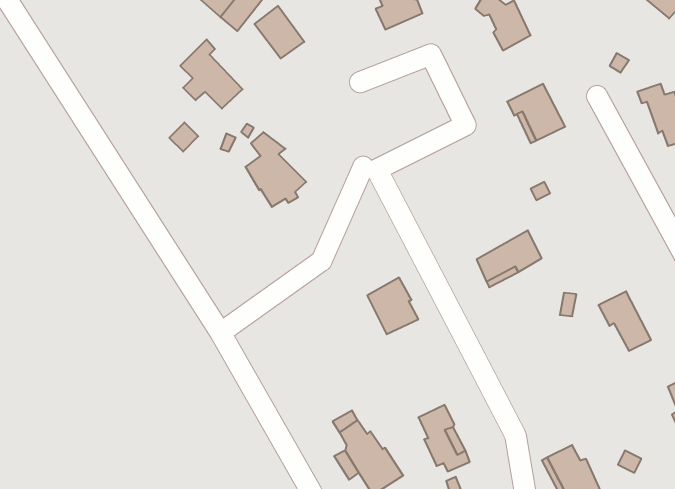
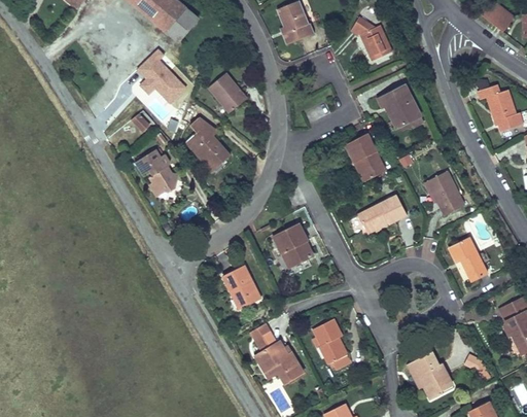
building: [254,6,304,58] -> [206,76,243,115]
building: none -> [343,134,385,184]
building: none -> [135,150,177,194]
building: none -> [426,169,464,213]
building: none -> [221,268,261,313]

